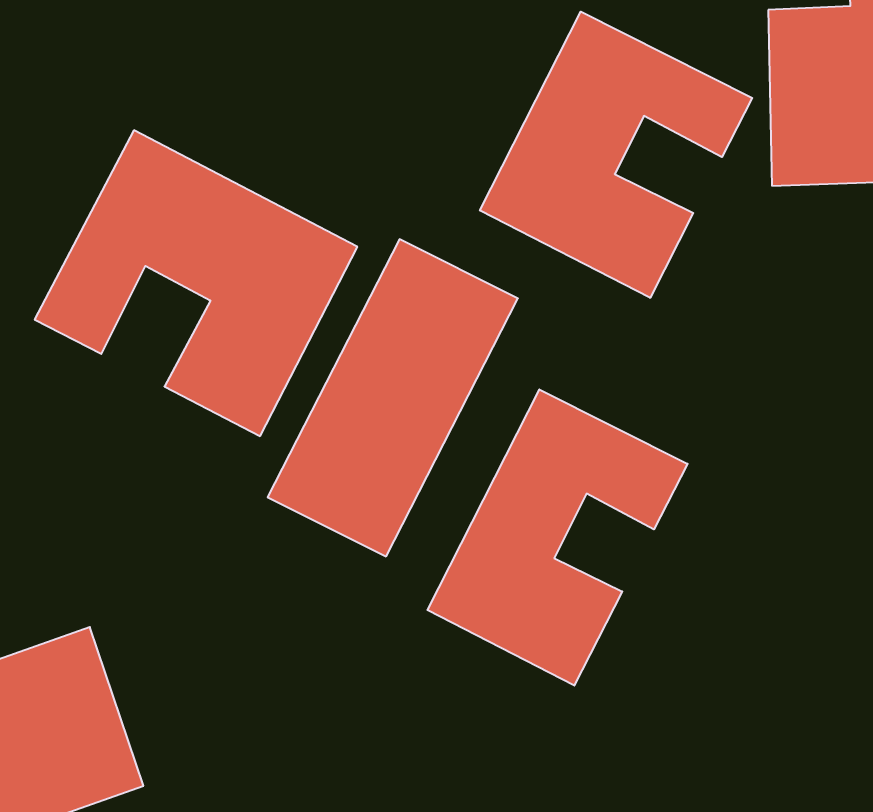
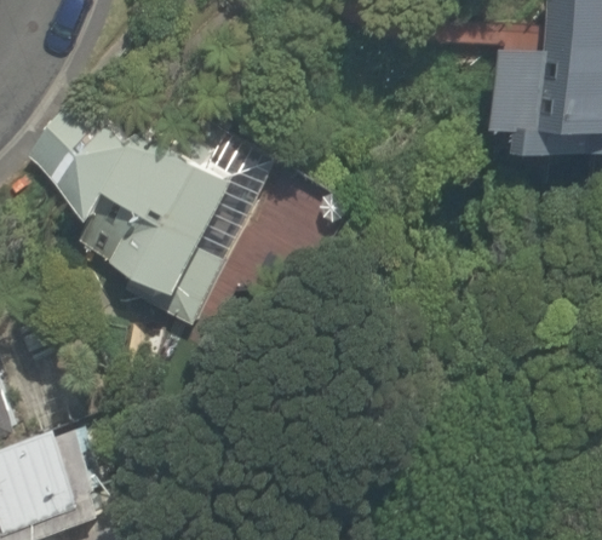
building: [480,12,752,298] -> none
building: [427,389,688,686] -> none

